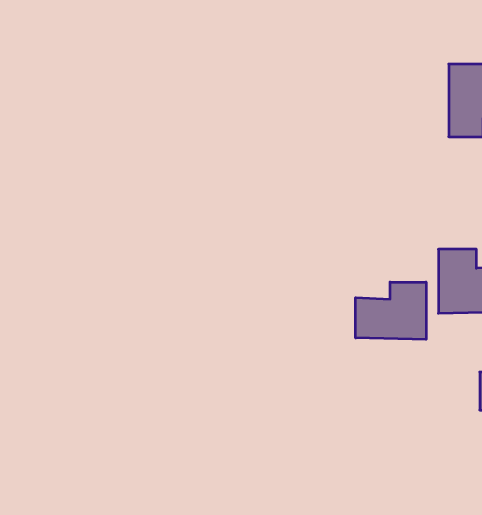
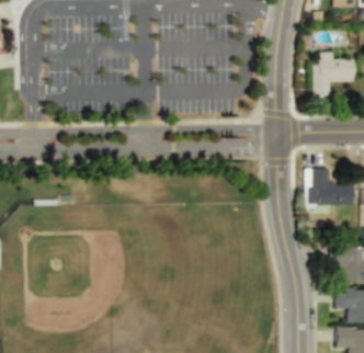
building: [356,282,426,339] -> none

